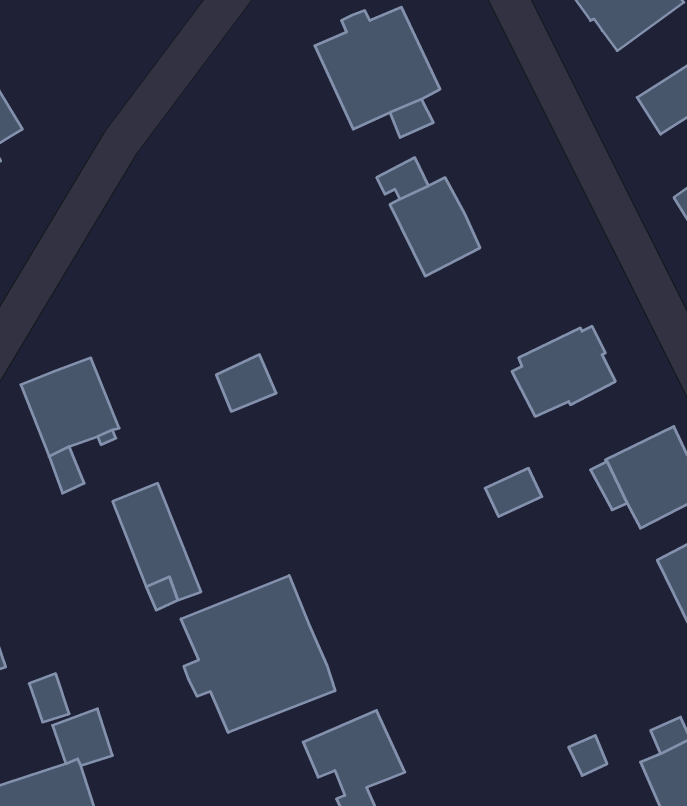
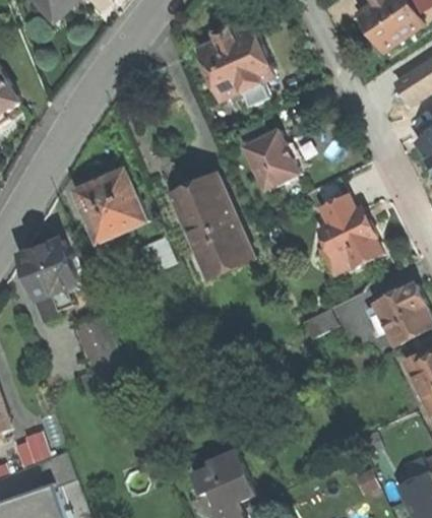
building: none -> [76,171,146,242]
building: none -> [171,174,252,273]
building: none -> [317,196,360,240]
building: [181,575,335,733] -> none

